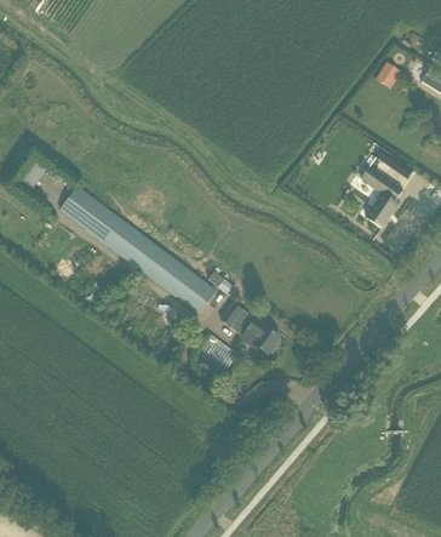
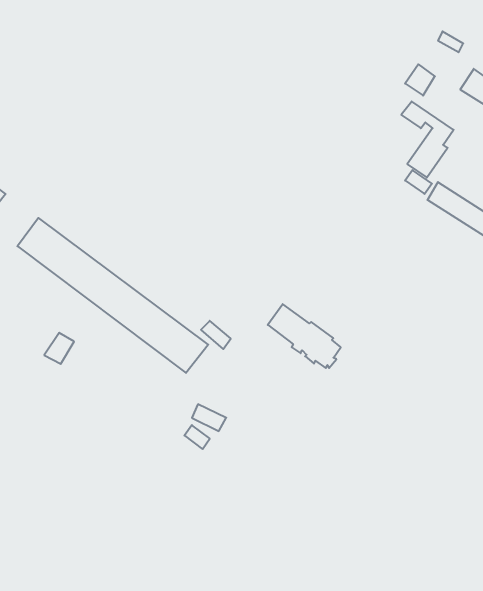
building: [360,166,402,228] -> [401,101,454,178]
building: [220,302,280,354] -> [268,304,341,368]

